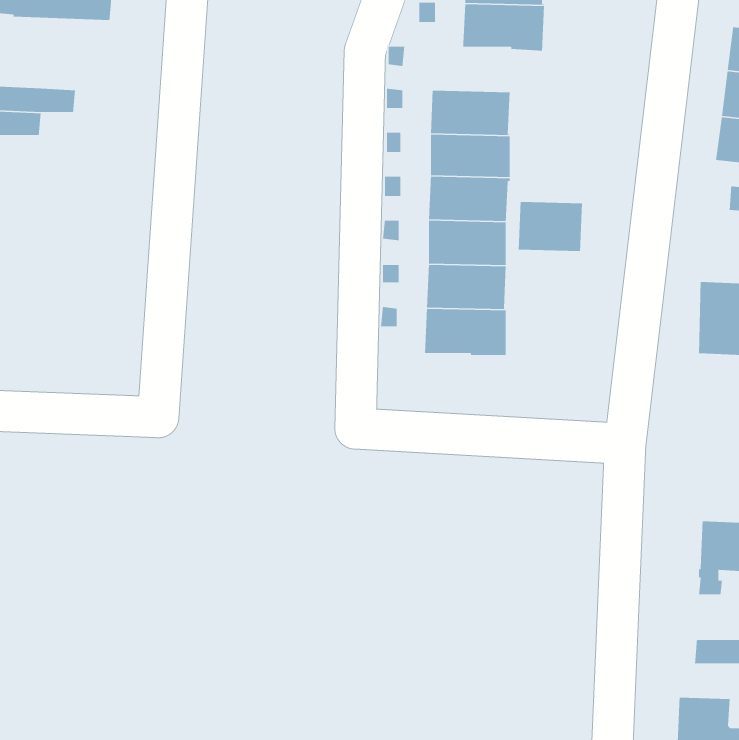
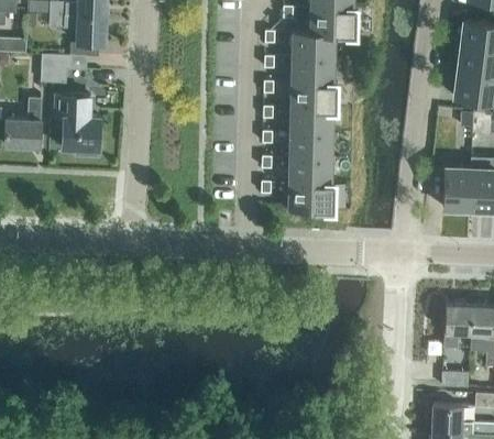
building: none -> [50,14,106,44]
building: none -> [290,30,336,57]
building: none -> [54,95,101,156]
building: [518,201,583,252] -> none

